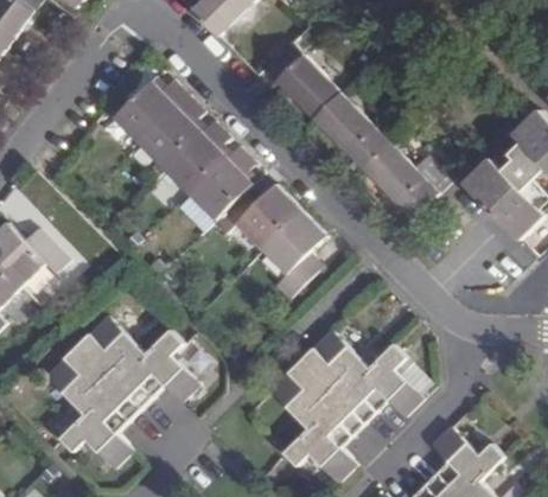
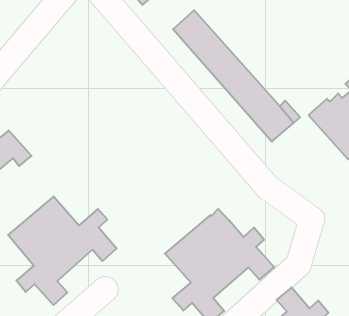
building: [111,77,327,299] -> none

